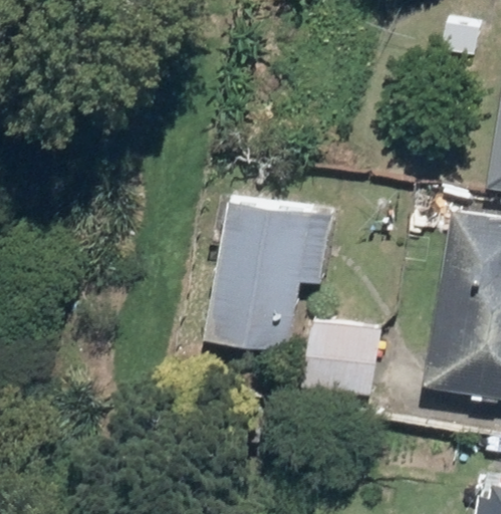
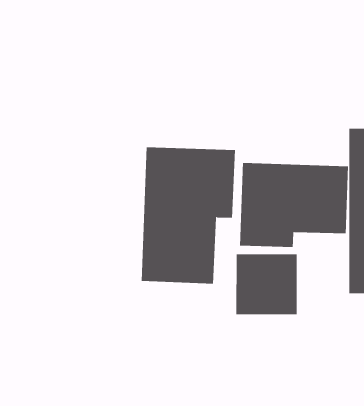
building: none -> [239,162,349,248]

